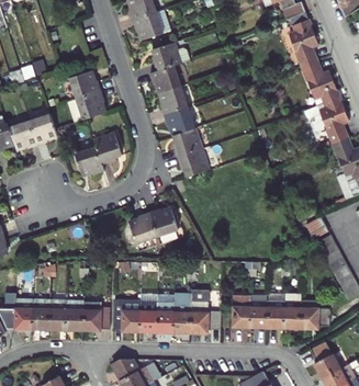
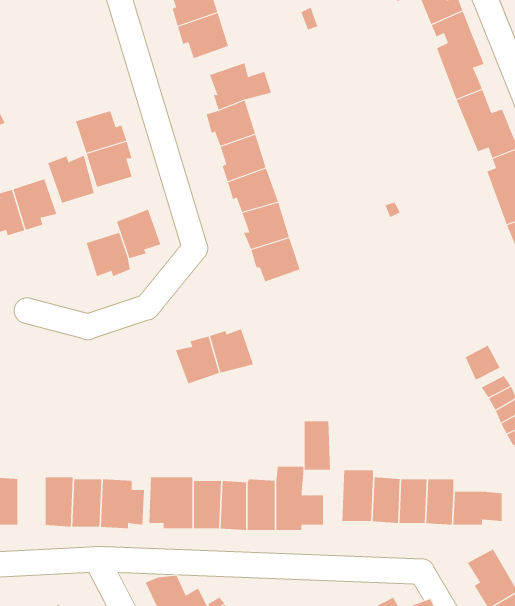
building: none -> [48,155,95,203]
building: none -> [304,421,331,470]
building: [33,297,49,328] -> none

